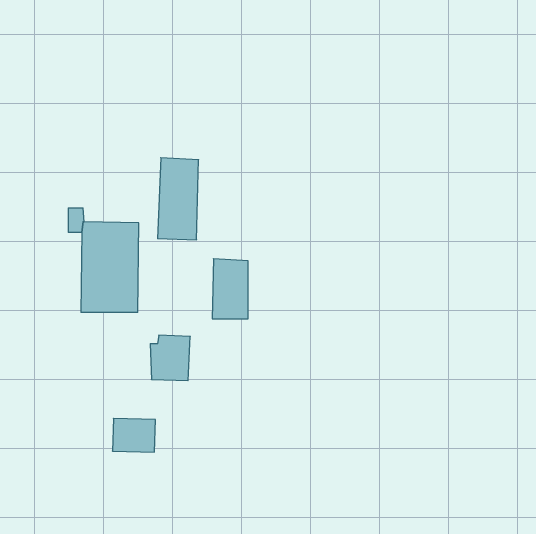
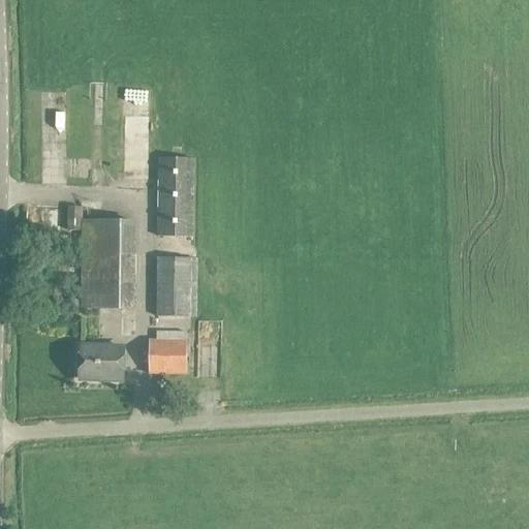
building: [212,259,248,319] -> [156,255,191,314]
building: [112,418,155,452] -> [81,345,123,378]

